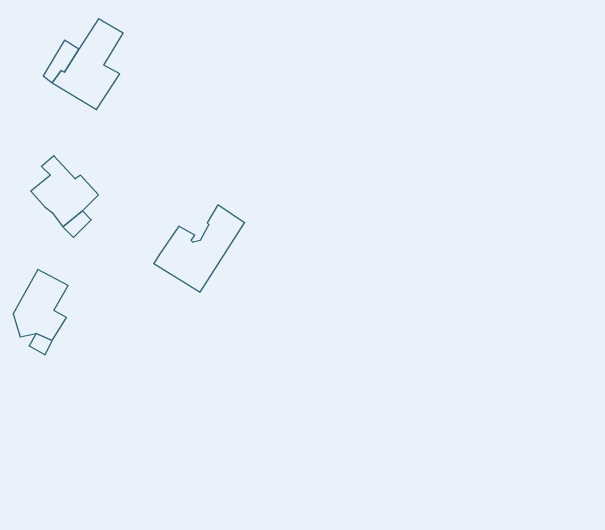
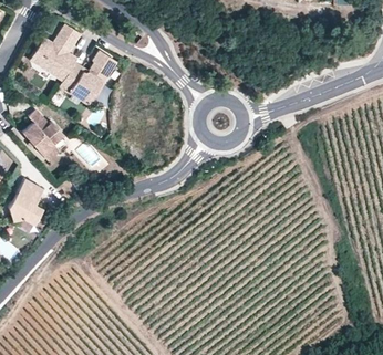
building: [154,205,245,292] -> [60,50,116,104]

